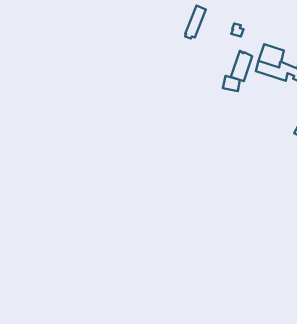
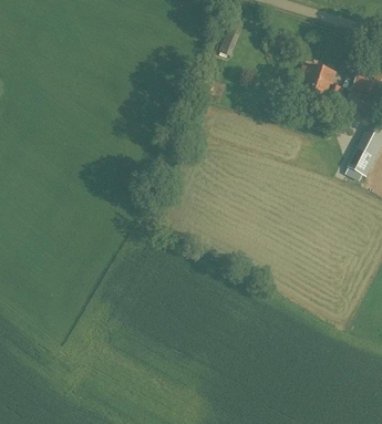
building: [231,51,252,81] -> none

